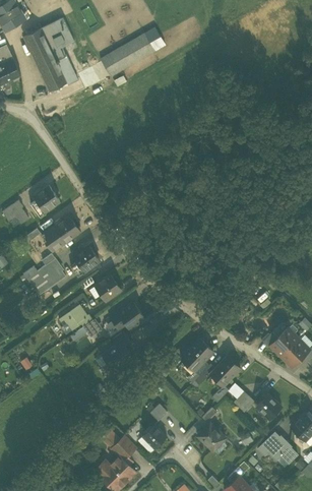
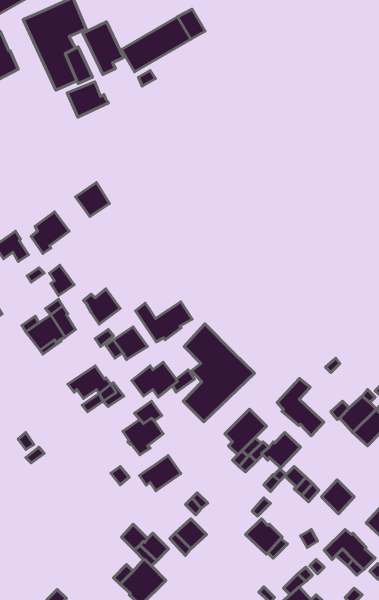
building: none -> [83,22,123,74]
building: none -> [67,82,108,117]
building: [53,216,79,242] -> [75,183,110,217]
building: none -> [136,302,192,342]
building: none -> [183,324,254,422]
building: none -> [277,379,324,436]
building: none -> [139,455,181,491]

